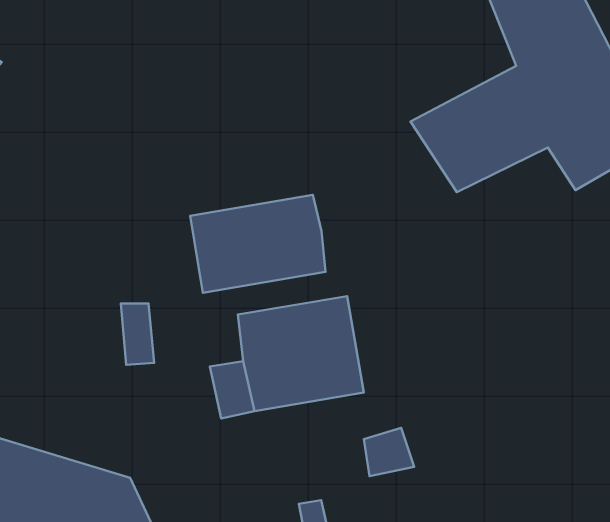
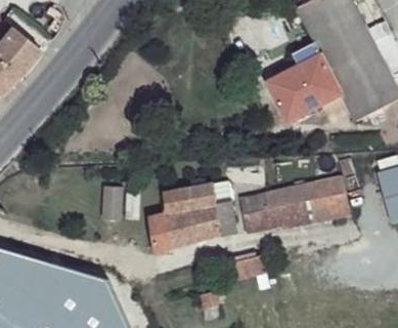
building: [190,195,325,293] -> none
building: none -> [247,178,346,232]

